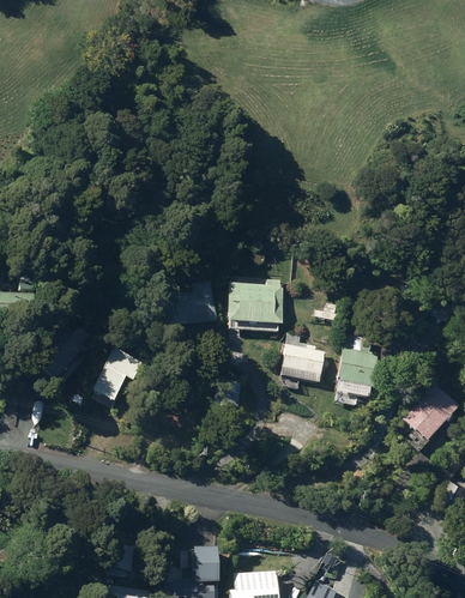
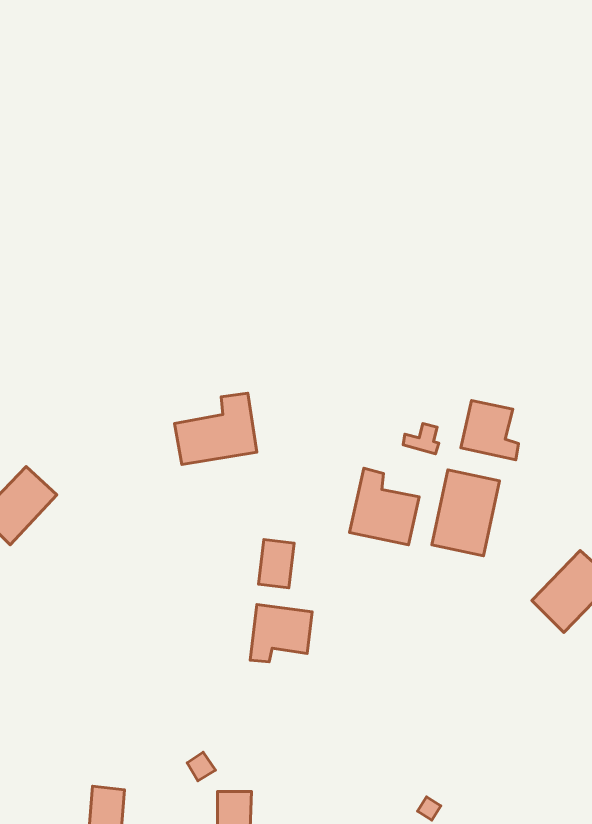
building: [227,278,283,326] -> none
building: none -> [461,400,518,460]
building: [90,348,144,404] -> none
building: none -> [250,605,312,662]

